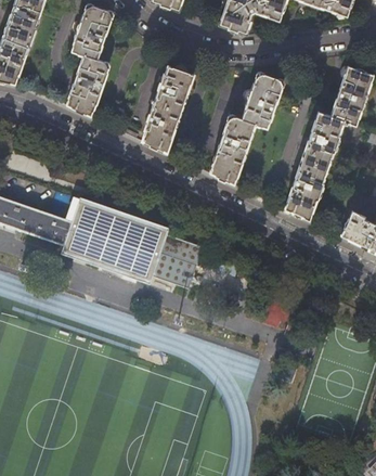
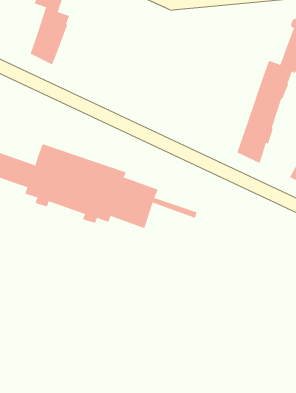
building: [142,65,194,152] -> none
building: [210,72,284,184] -> none

